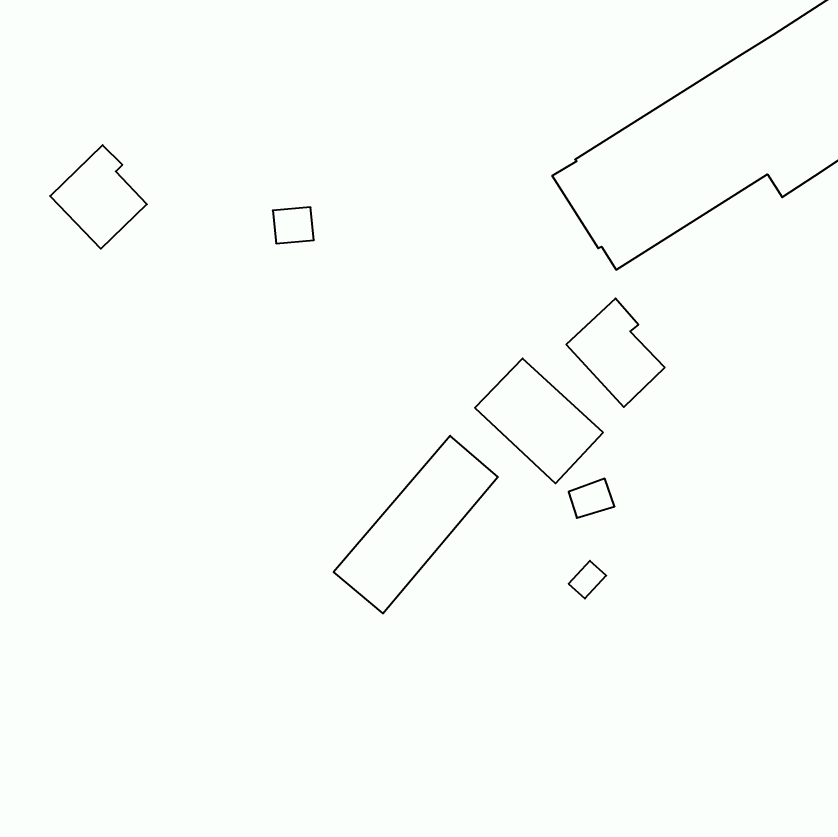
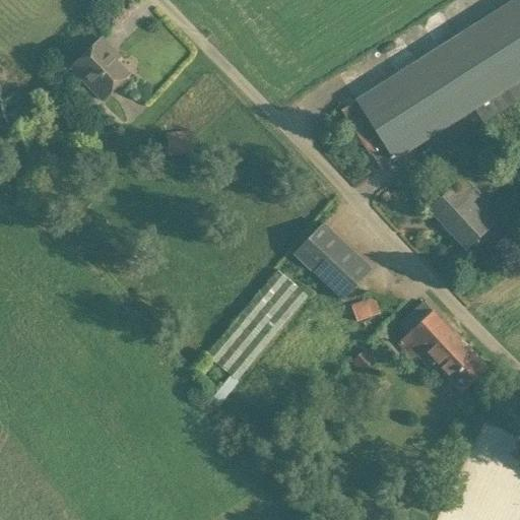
building: [50,145,147,249] -> [70,37,130,101]
building: [566,298,665,407] -> [432,180,493,247]
building: none -> [398,300,488,389]

